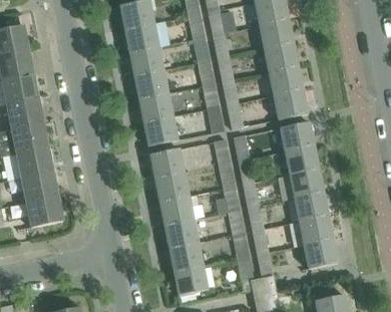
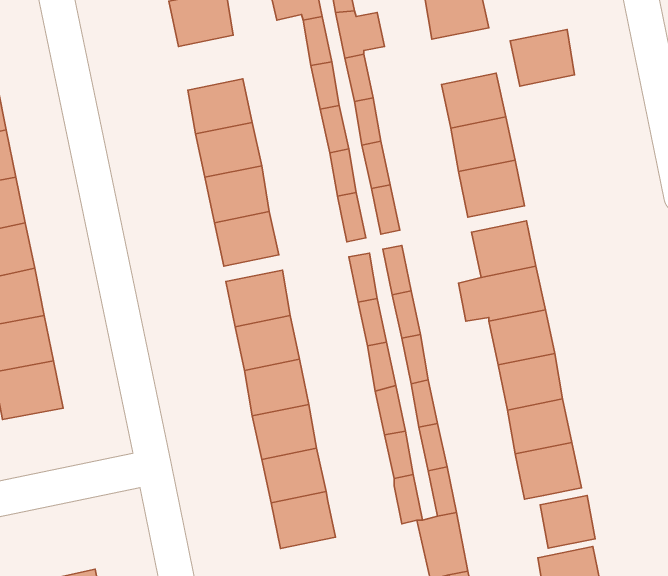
building: [259,19,293,49] -> [510,29,575,86]
building: [124,23,158,52] -> none
building: none -> [540,496,595,548]

